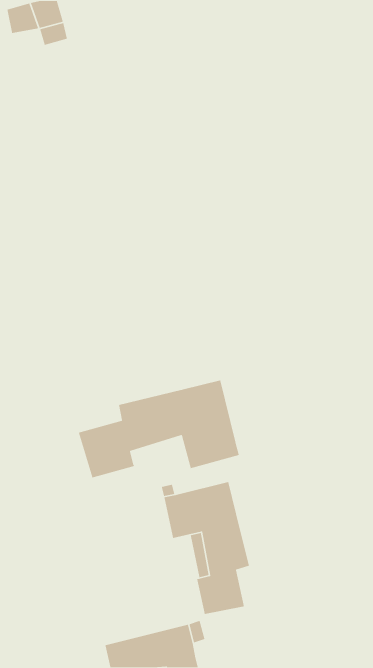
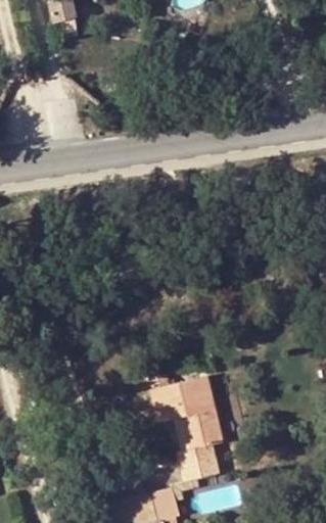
building: [78,379,240,479] -> none

